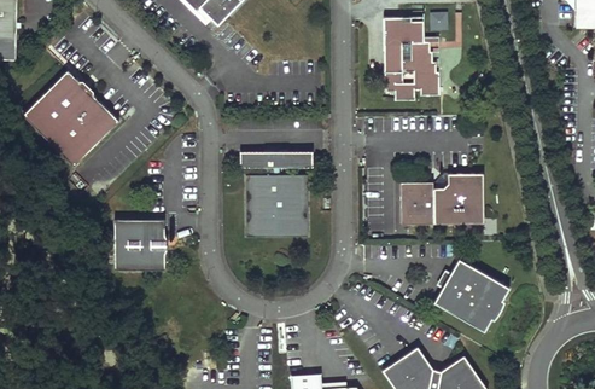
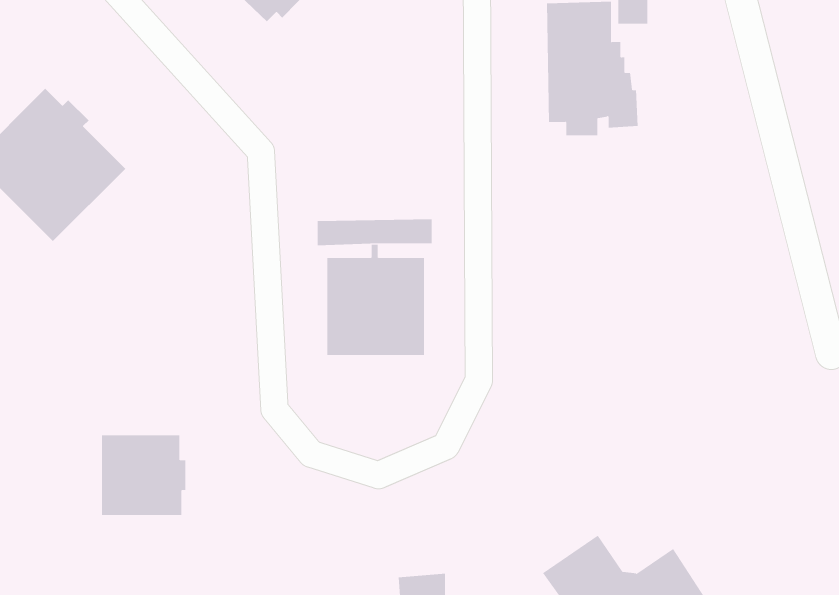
building: [403,173,485,222] -> none
building: [115,217,168,268] -> [101,435,186,516]
building: [433,257,509,331] -> none

